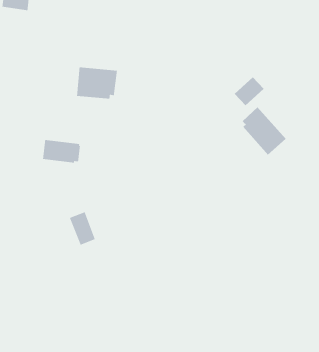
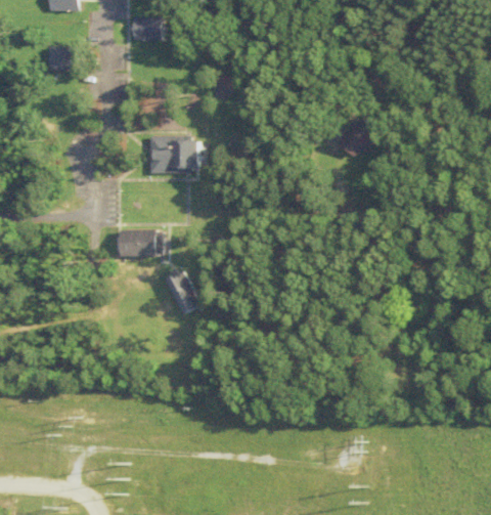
building: [242,106,287,155] -> none
building: [69,211,96,246] -> [167,271,204,315]

